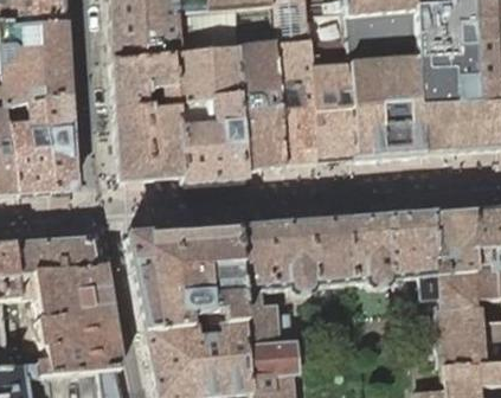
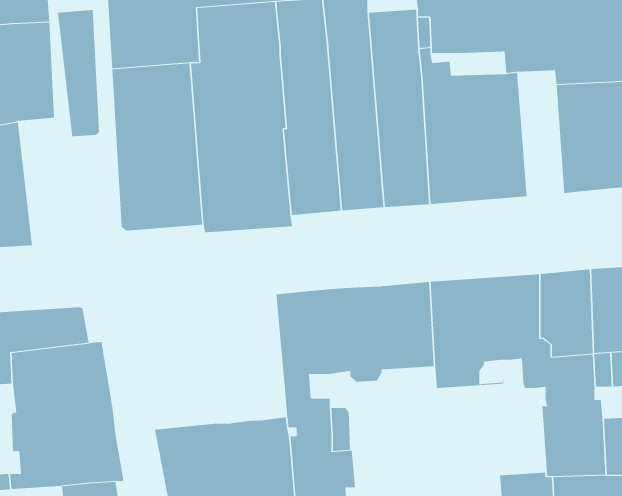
building: [419,58,454,153] -> none
building: [44,94,76,190] -> [57,9,100,137]
building: [128,226,245,328] -> none

